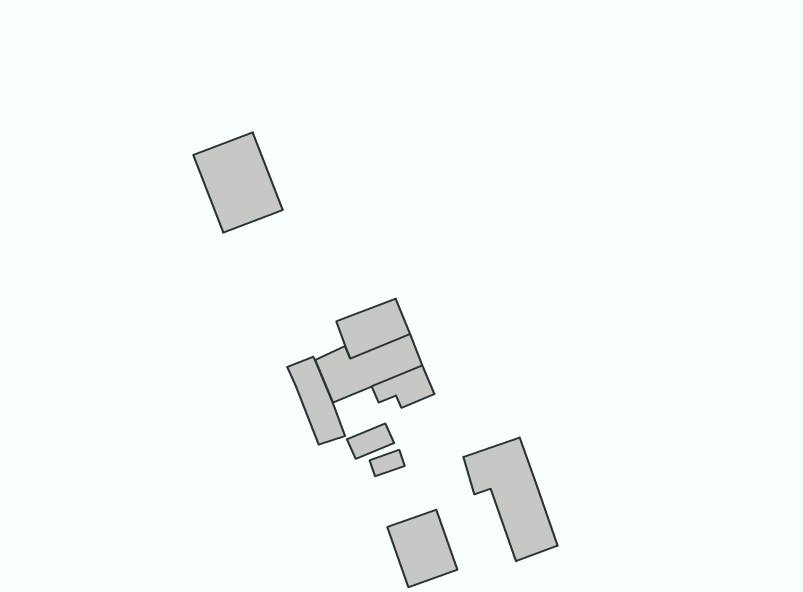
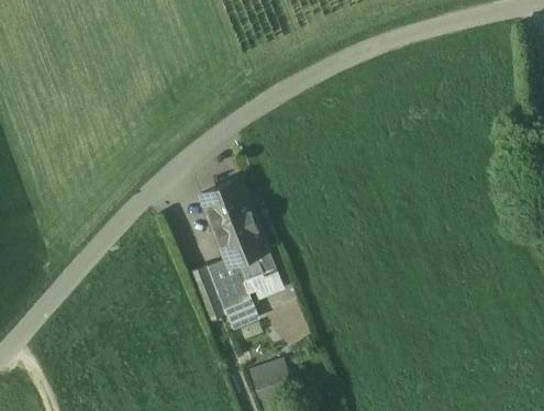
building: [193,132,283,233] -> [202,178,258,241]
building: none -> [219,281,252,314]
building: [463,437,558,561] -> none

